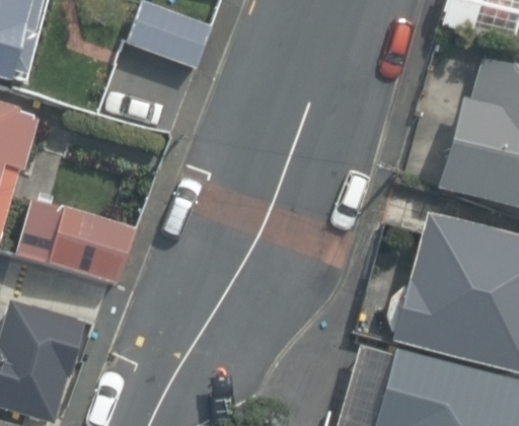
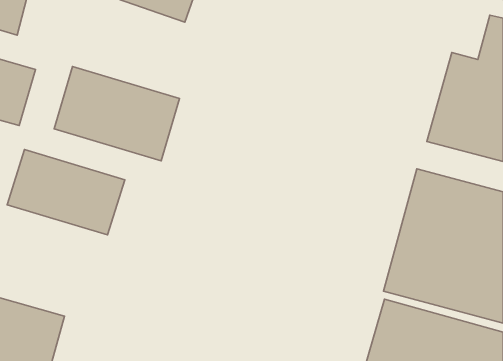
building: none -> [54,67,179,161]

